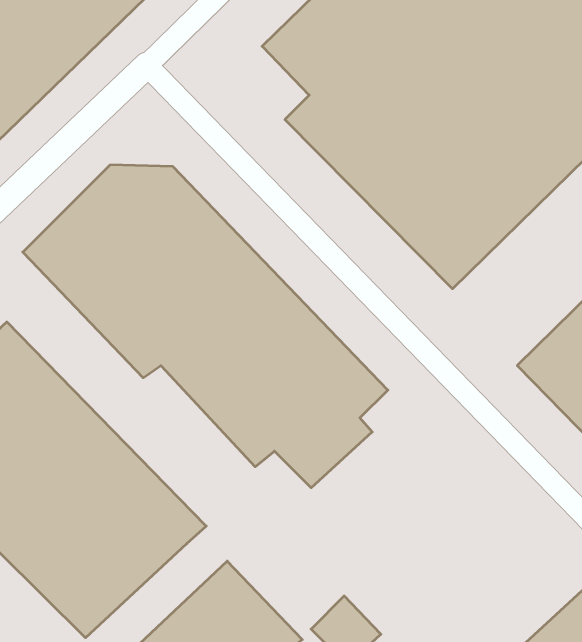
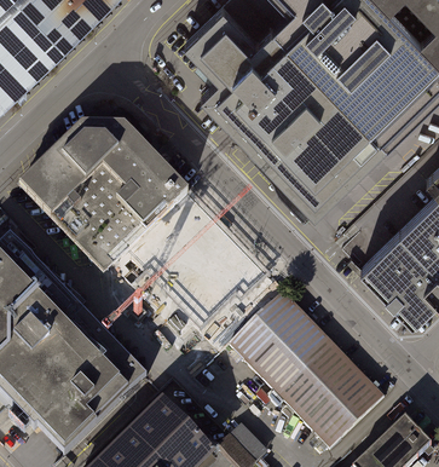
building: none -> [231,294,385,446]

